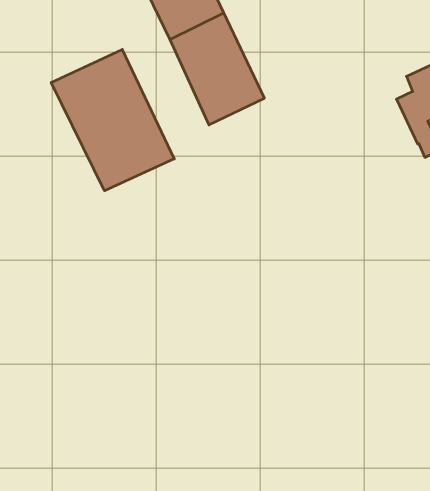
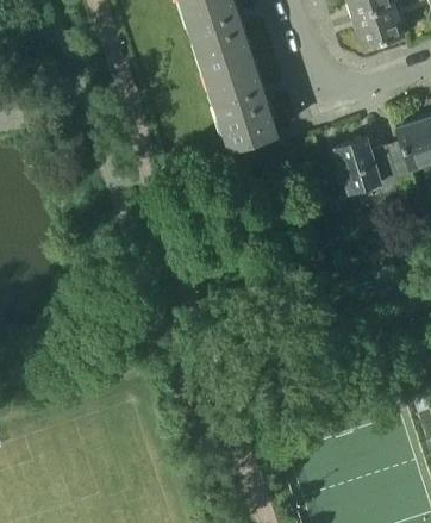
building: [51,49,174,191] -> none
building: none -> [335,137,399,193]

